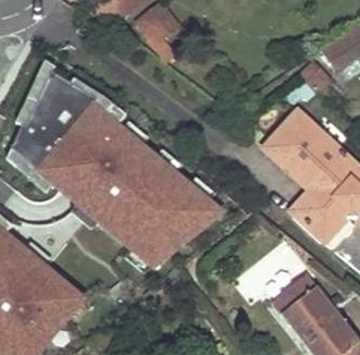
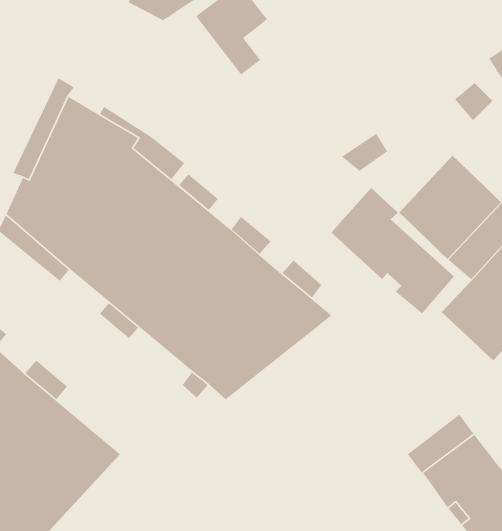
building: none -> [330,187,455,314]

